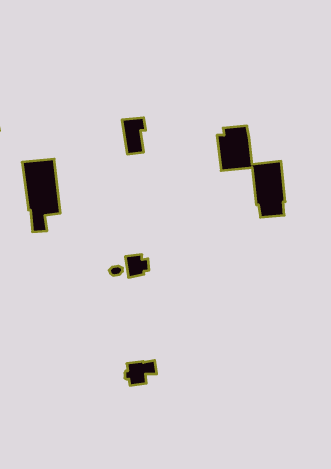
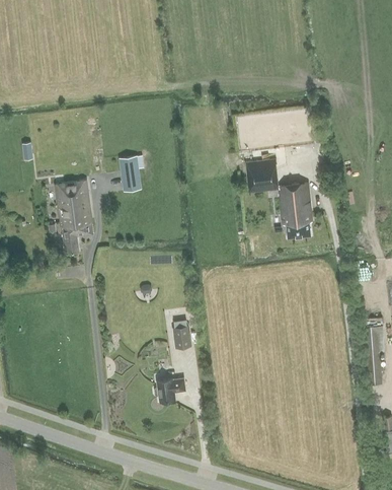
building: [122,118,146,154] -> [121,155,144,191]
building: [125,255,149,277] -> [173,326,197,348]

